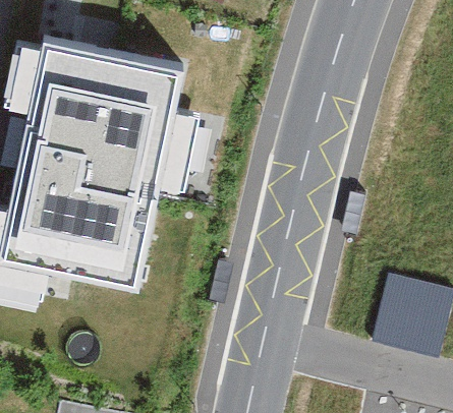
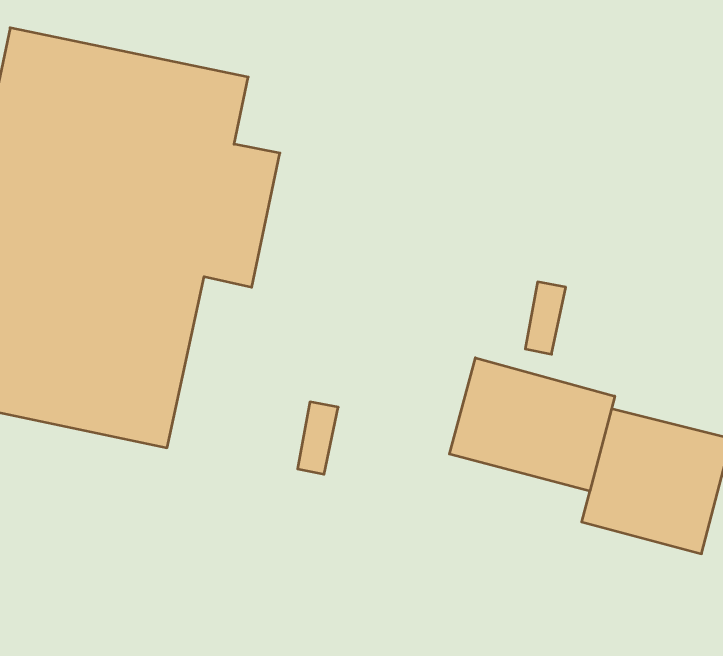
building: none -> [449,358,615,491]

